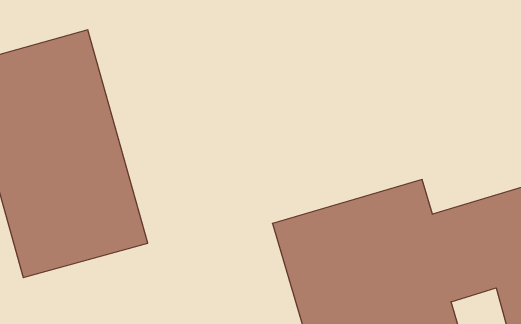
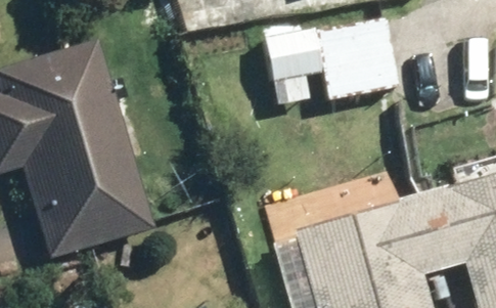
building: none -> [266,19,397,106]

